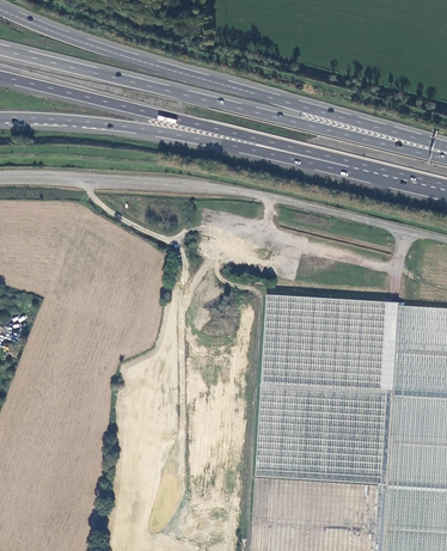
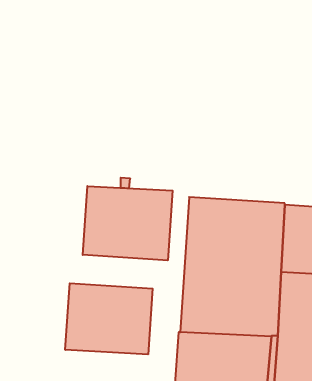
building: none -> [83,186,173,260]
building: none -> [65,283,153,354]

